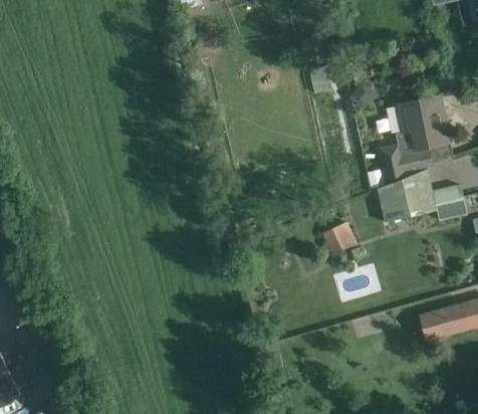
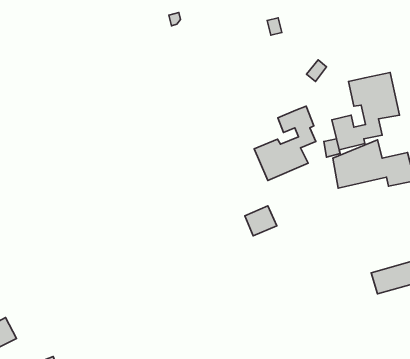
building: none -> [254,106,316,181]
building: [322,222,357,255] -> [245,206,277,236]

